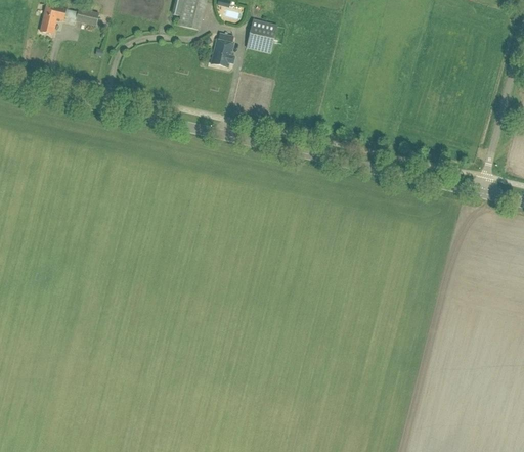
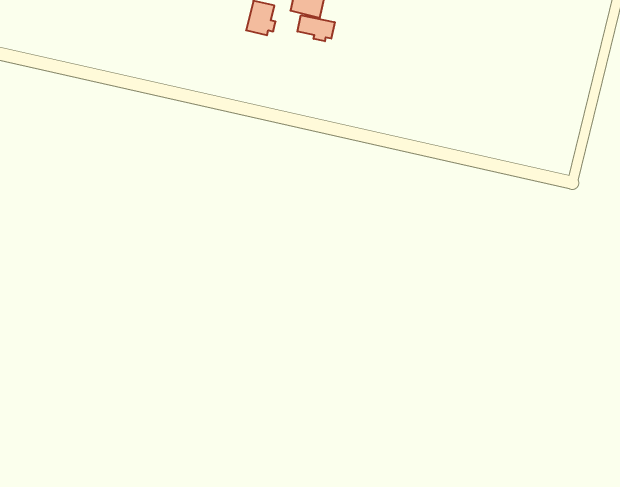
building: none -> [297,15,335,41]

